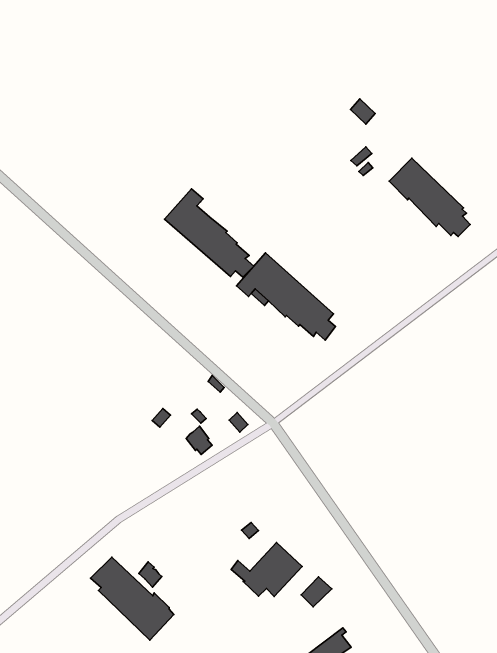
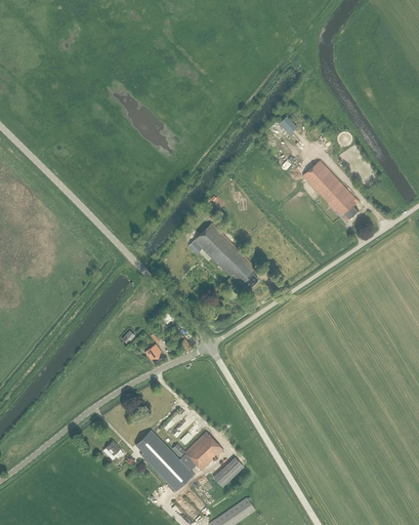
building: [165,189,254,277] -> none
building: [91,557,174,640] -> [135,431,194,492]

